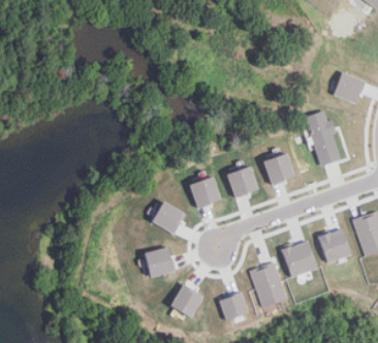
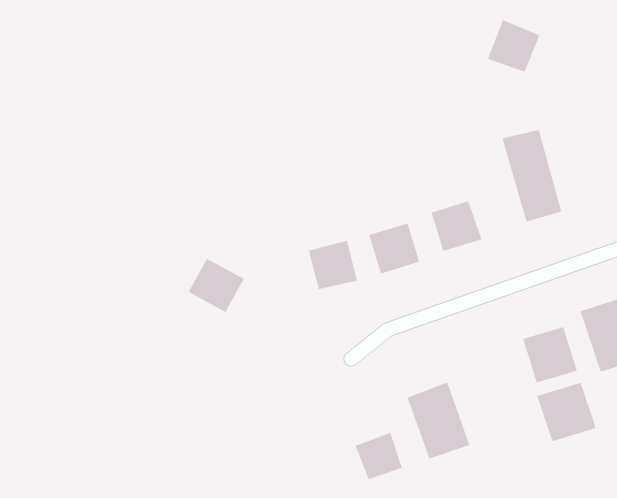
building: [333,71,365,103] -> [487,19,541,73]
building: [151,200,185,233] -> [188,258,245,313]
building: [281,241,317,277] -> [536,382,597,442]
building: [144,247,175,277] -> none
building: [169,284,202,317] -> none

